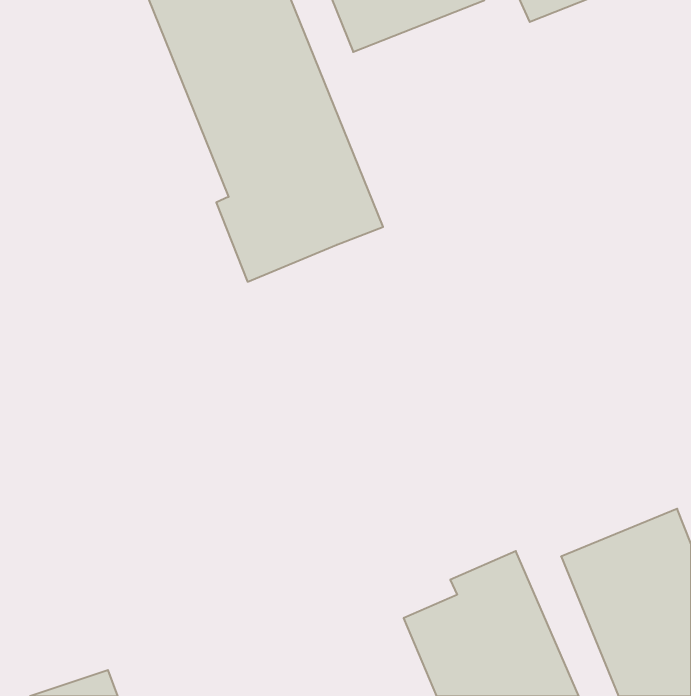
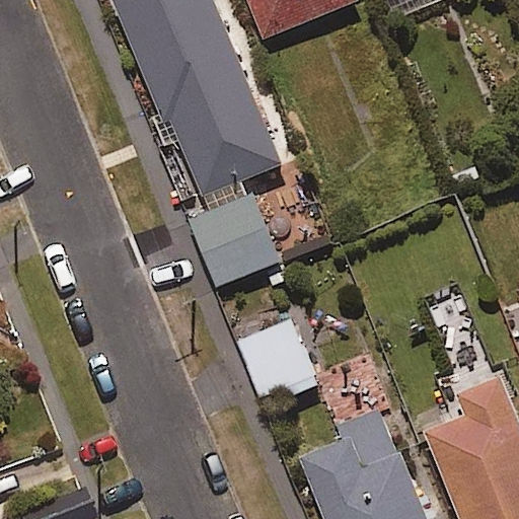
building: none -> [183,181,281,287]
building: none -> [236,319,317,410]

